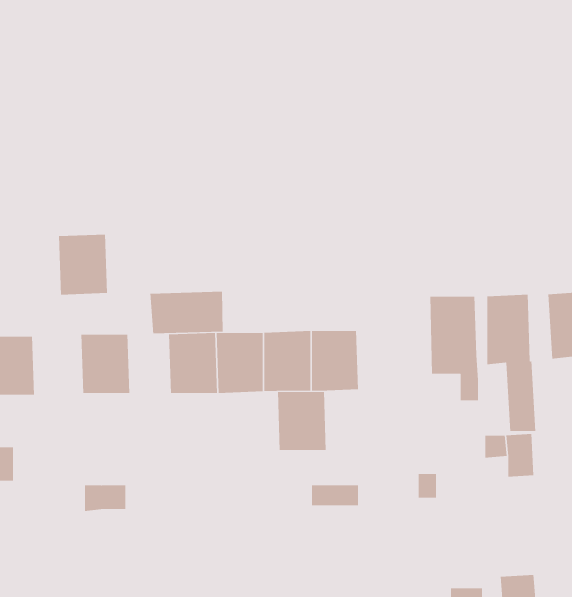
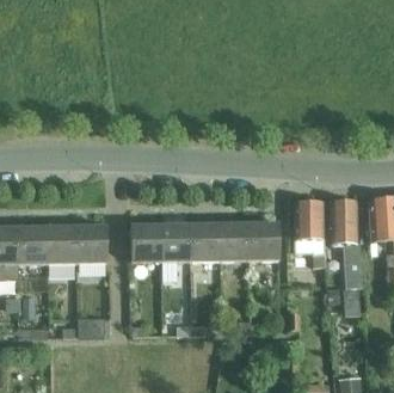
building: [58,234,108,295] -> [47,226,78,264]
building: [150,291,223,334] -> none
building: [277,391,327,451] -> [250,223,281,260]

